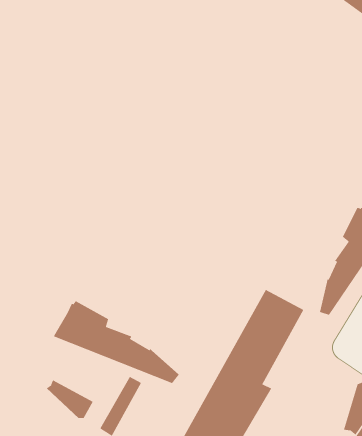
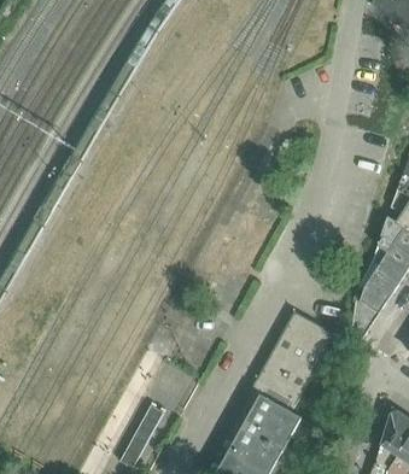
building: [54,301,180,384] -> none
building: [46,380,94,419] -> none

